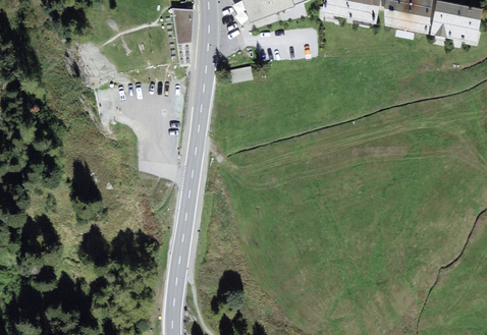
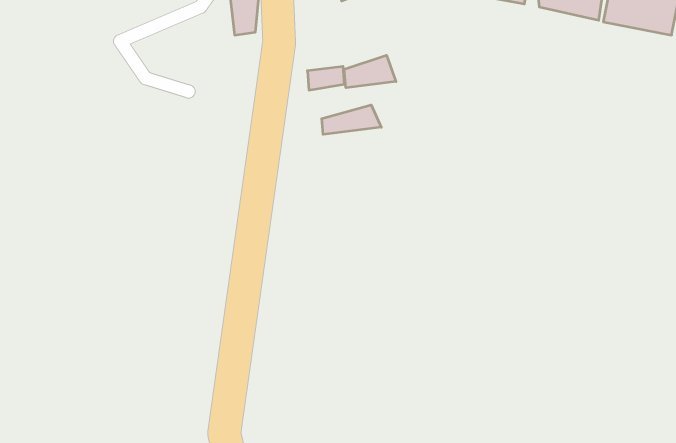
building: none -> [344,55,396,88]
building: none -> [322,105,381,134]

